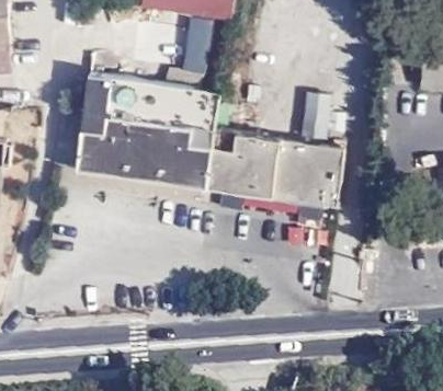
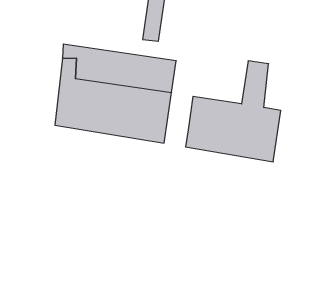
building: [207,131,241,195] -> none

